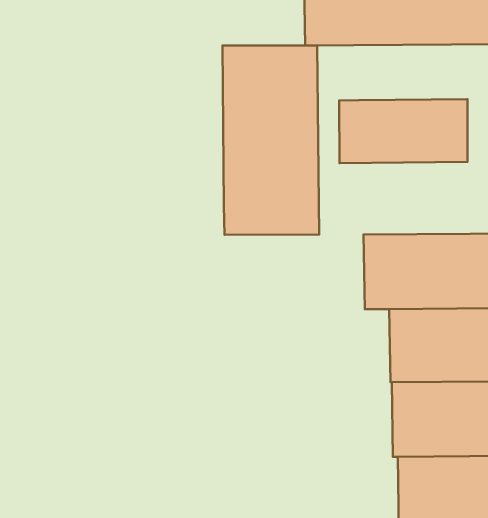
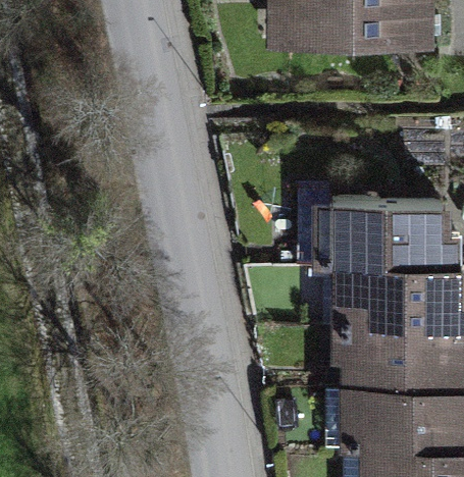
building: [222,45,319,235] -> none
building: [339,99,468,163] -> none

